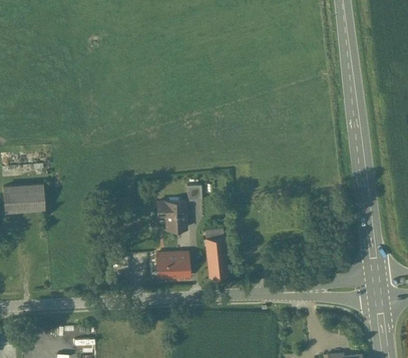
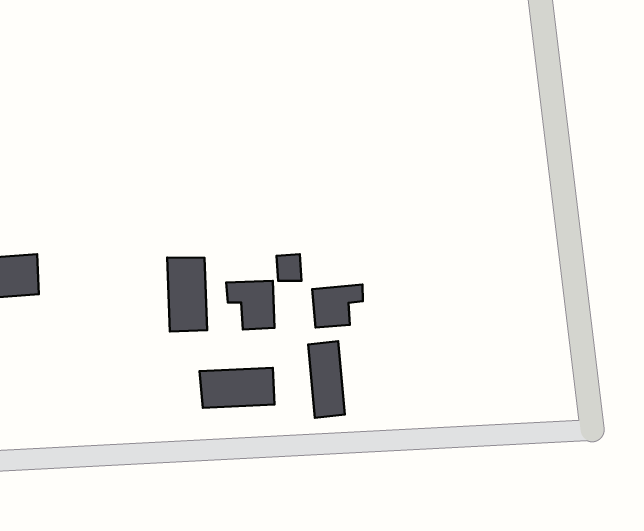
building: none -> [167,257,207,331]
building: none -> [312,284,363,327]

